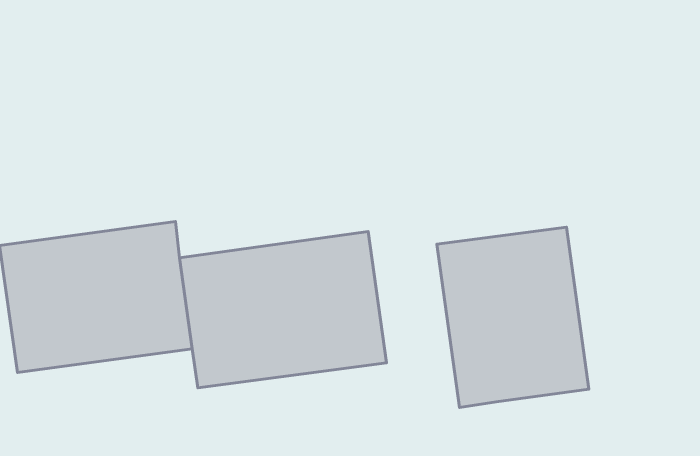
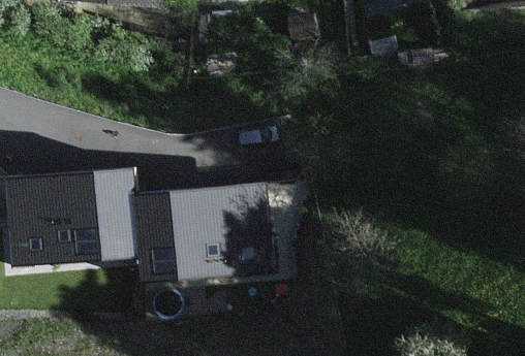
building: [437,227,589,407] -> none

